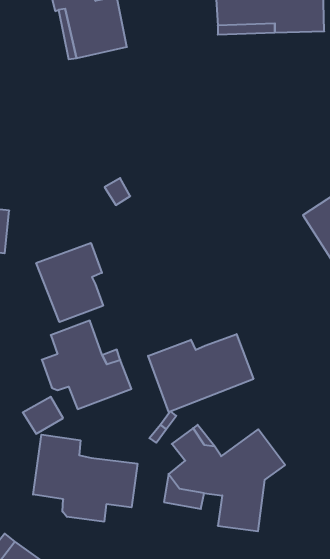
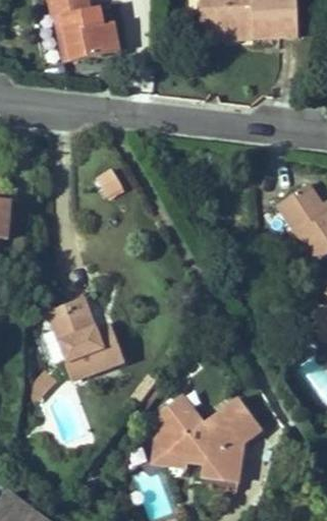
building: [36,243,103,322] -> none
building: [148,334,253,412] -> none
building: [33,435,137,522] -> none

